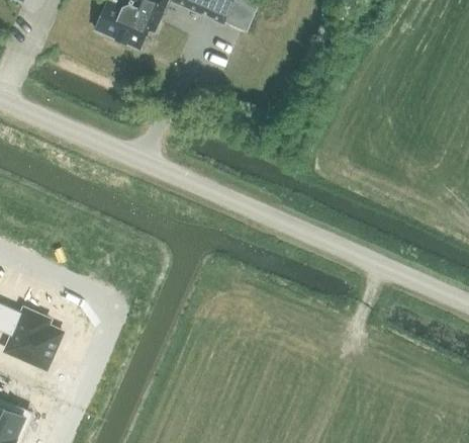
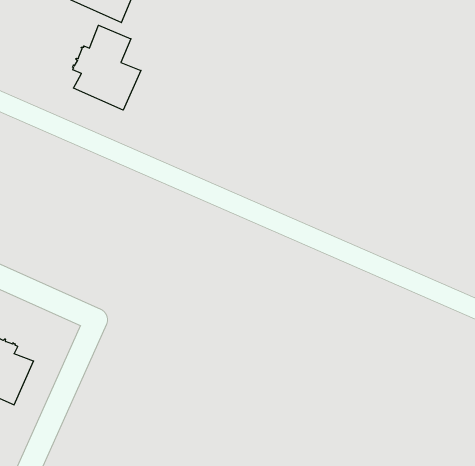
building: none -> [73,25,141,110]

